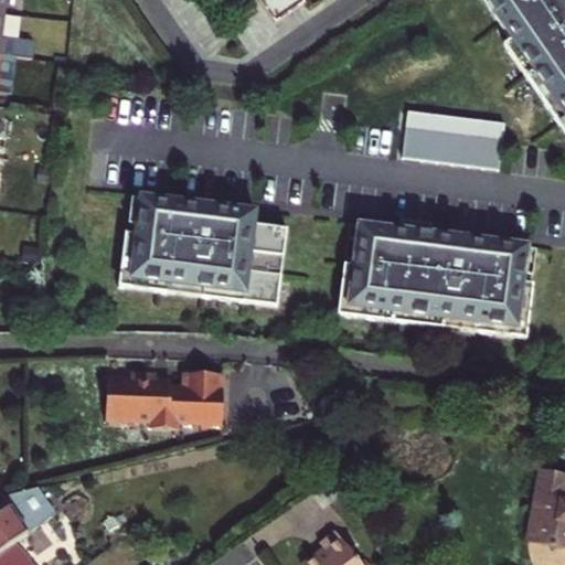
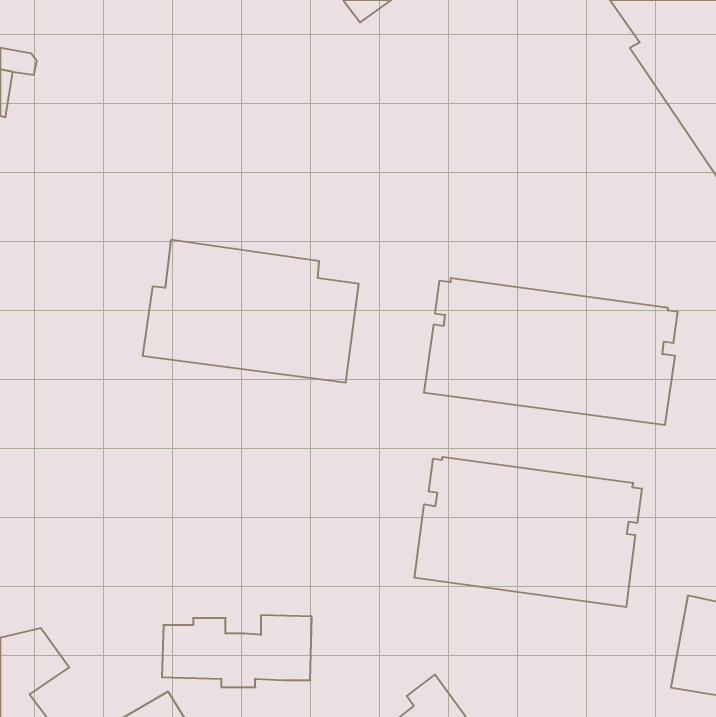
building: [402,108,505,168] -> none
building: none -> [415,457,642,607]
building: [109,374,226,430] -> [162,615,312,687]

